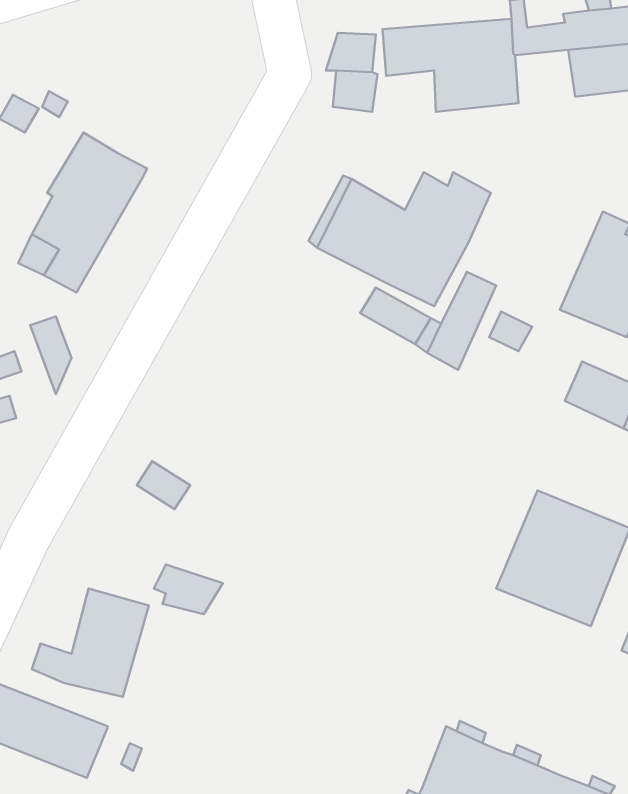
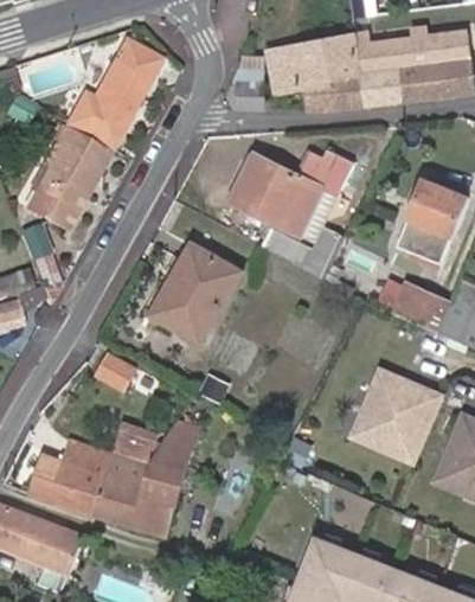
building: none -> [65,47,156,149]
building: none -> [362,68,404,104]
building: none -> [153,241,243,340]
building: none -> [92,414,194,533]

